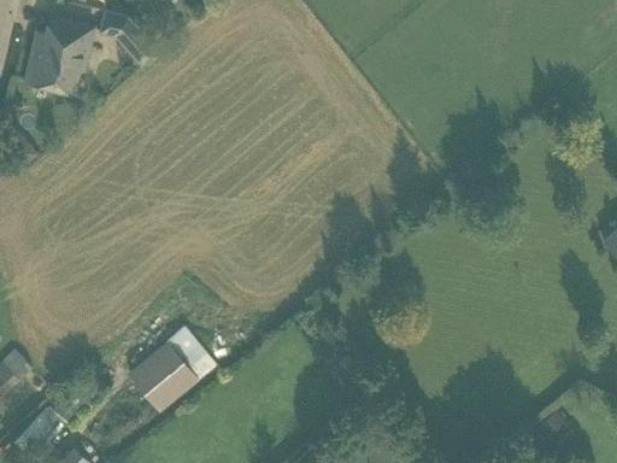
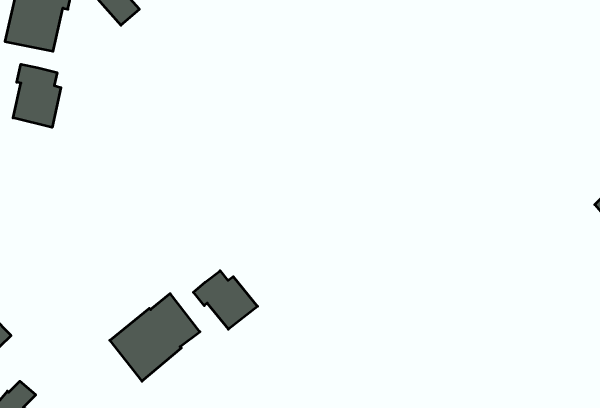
building: none -> [13,64,61,127]
building: none -> [193,271,258,329]

